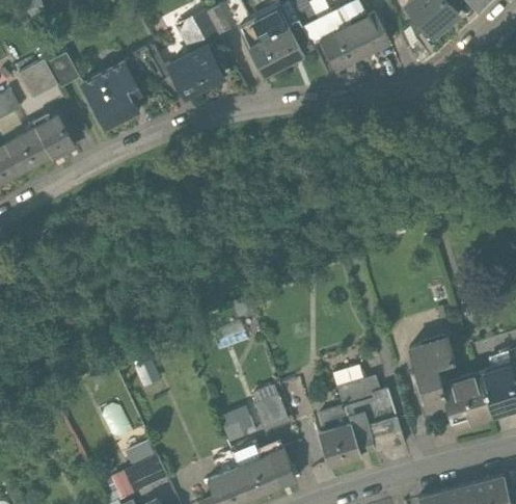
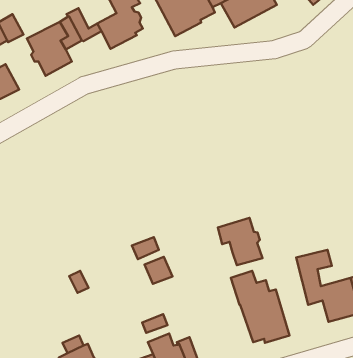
building: none -> [218,218,263,265]
building: [252,396,287,429] -> [144,257,172,284]
building: [318,408,360,468] -> none

